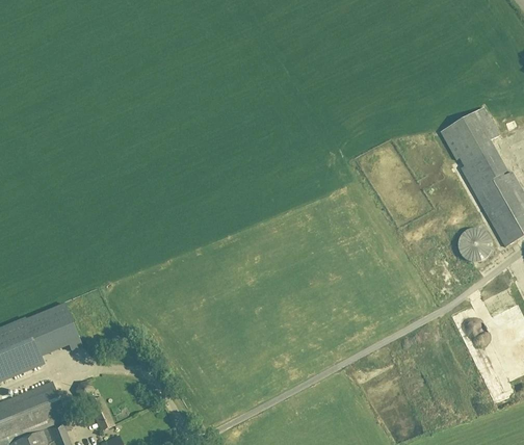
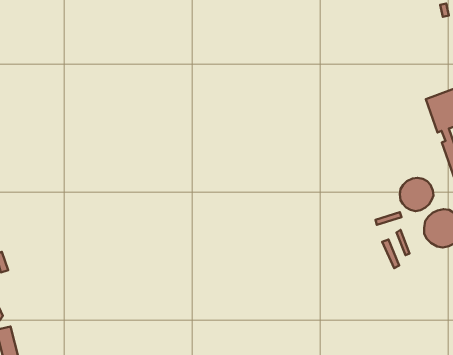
building: none -> [400,178,433,211]

